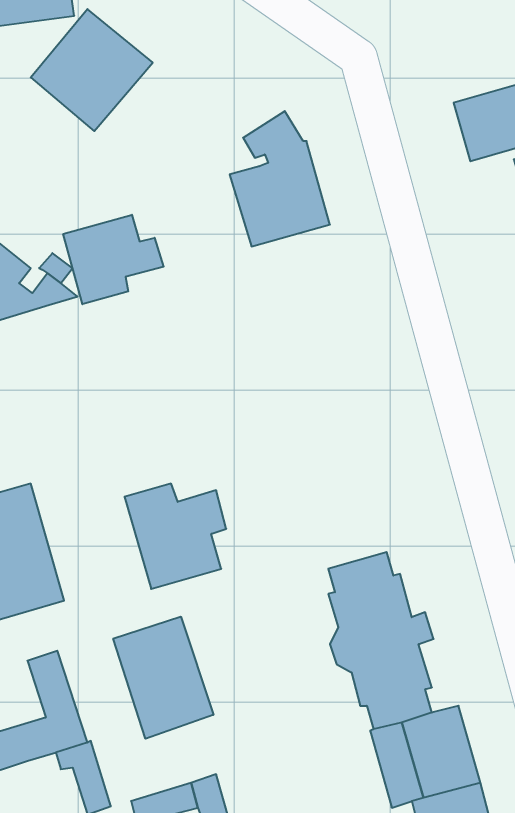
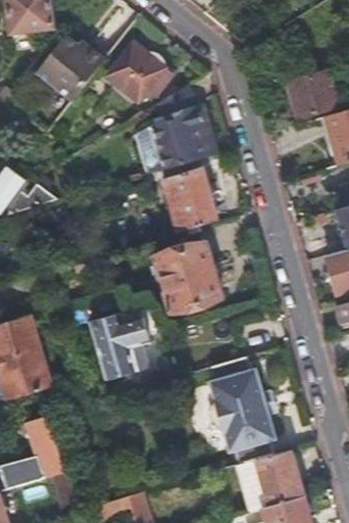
building: none -> [108,44,172,101]
building: [63,215,164,304] -> none
building: none -> [162,169,218,233]
building: none -> [156,243,221,313]
building: [113,617,213,739] -> none

